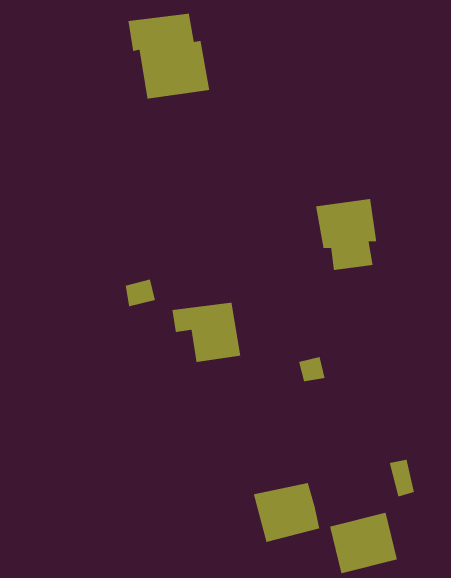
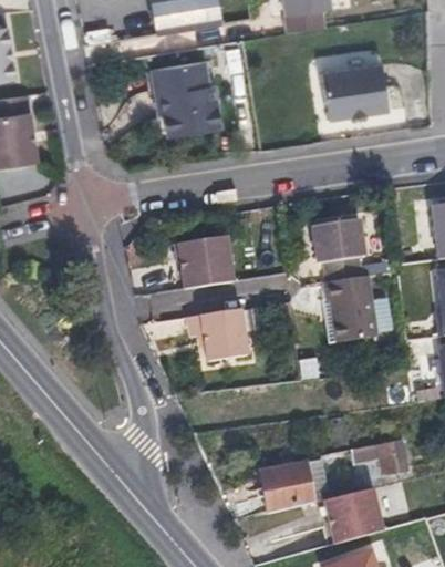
building: none -> [321,66,392,121]
building: none -> [178,236,232,289]
building: none -> [322,277,375,343]

